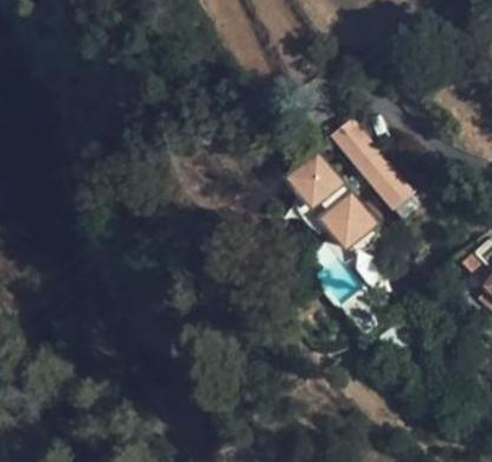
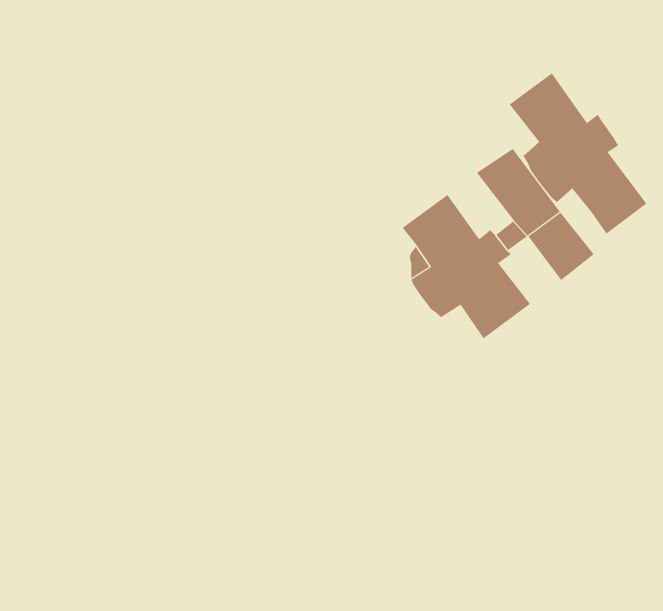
building: none -> [509,72,647,234]

